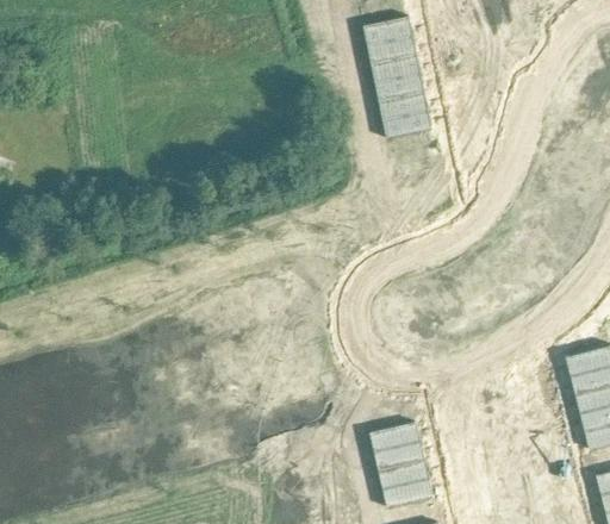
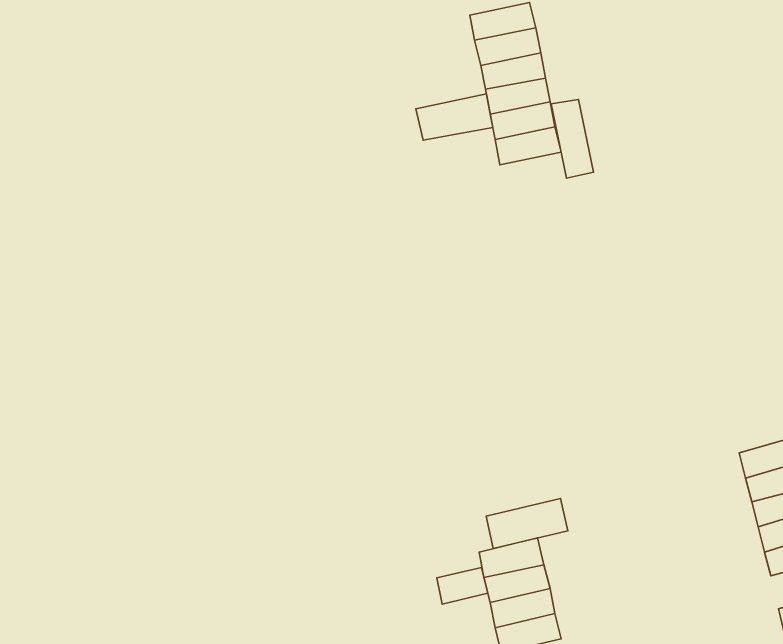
building: none -> [416,94,493,140]
building: none -> [551,99,593,178]
building: none -> [486,499,568,548]
building: none -> [437,568,488,604]

